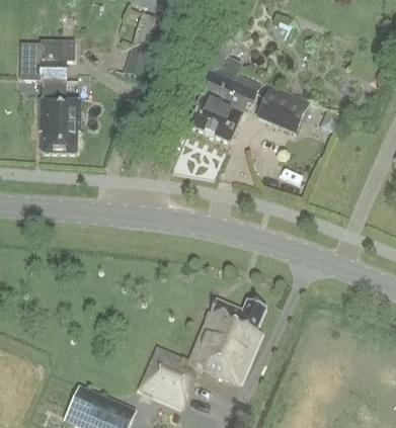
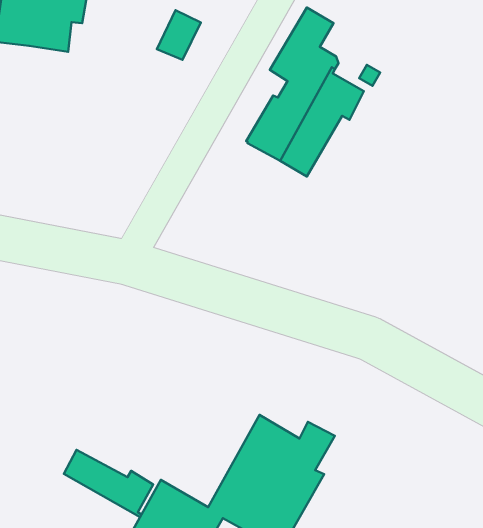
building: [39,78,81,153] -> none
building: [256,87,308,134] -> none
building: none -> [64,450,153,517]

